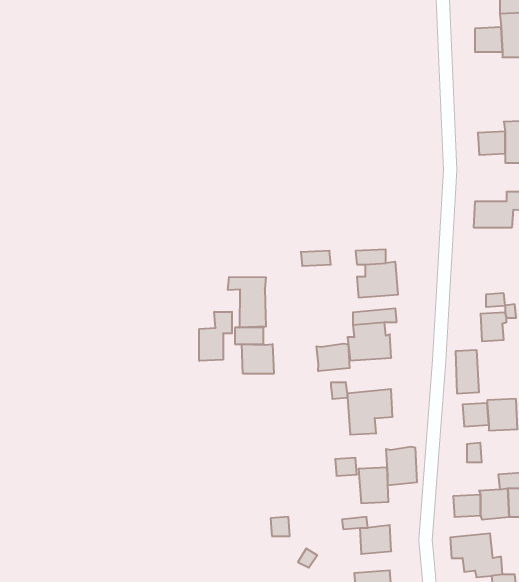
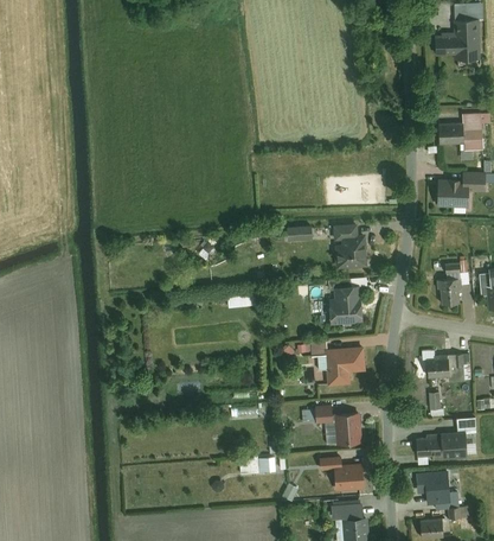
building: [228,277,266,328] -> none
building: [199,312,232,361] -> none
building: [317,344,350,371] -> none
building: [242,344,274,374] -> none
building: [456,350,479,394] -> none
building: [386,447,417,486] -> none

